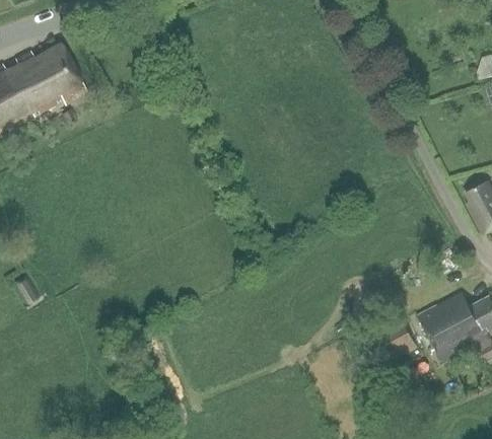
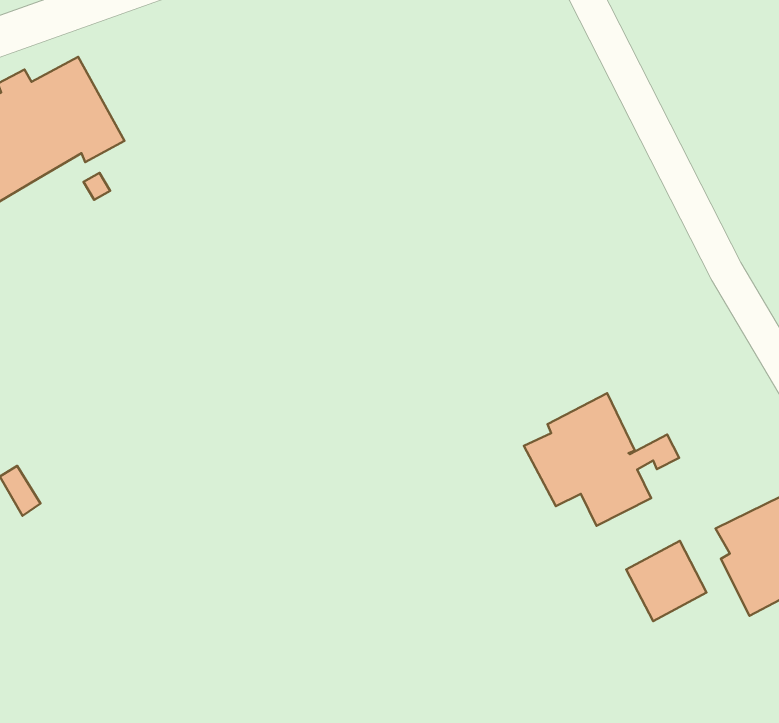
building: none -> [524,393,679,526]

